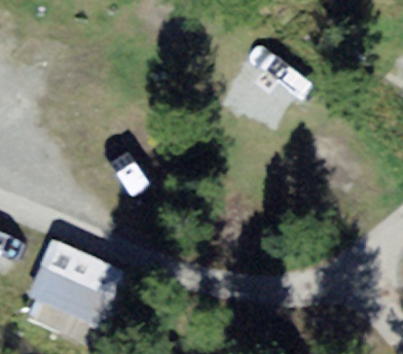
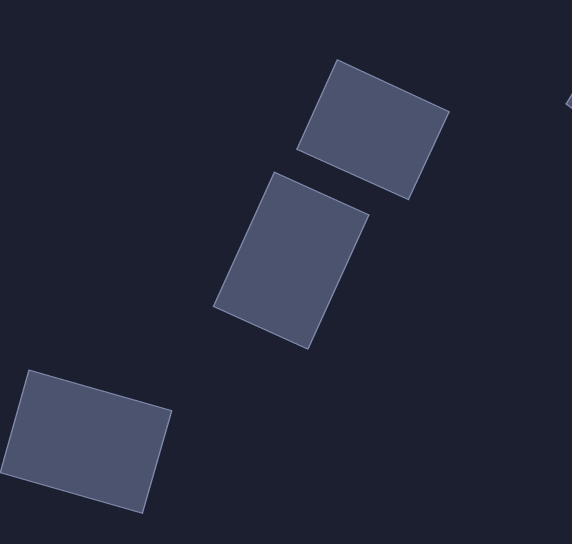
building: none -> [213,172,369,349]

